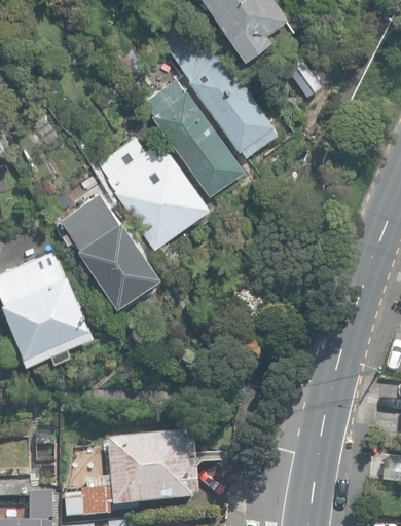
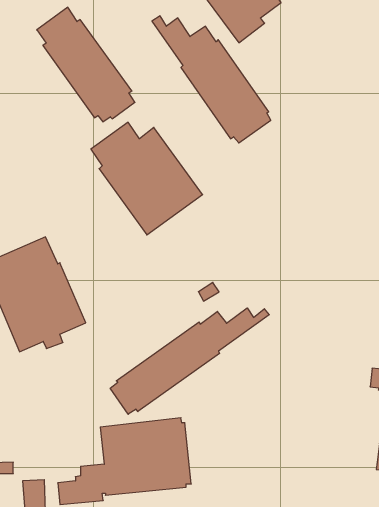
building: [145,79,243,193] -> [37,7,135,122]
building: [61,194,161,307] -> none
building: none -> [110,308,269,414]

